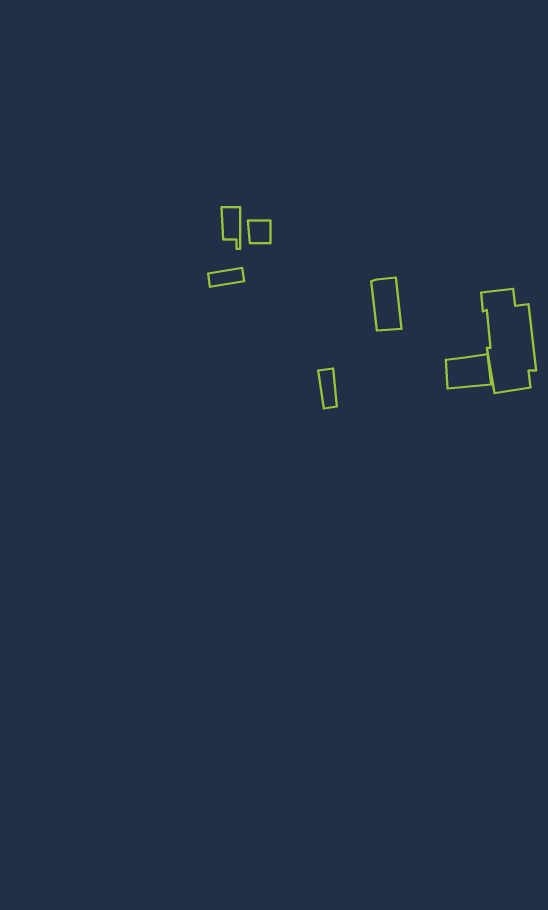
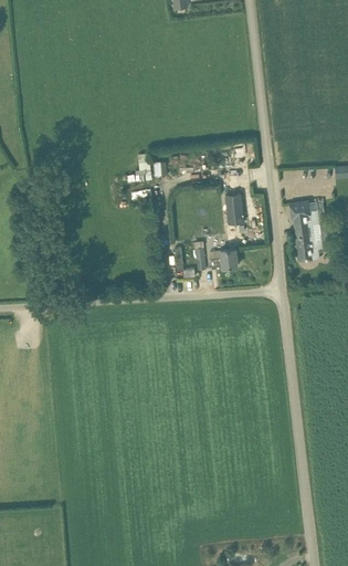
building: [446,354,491,388] -> [210,249,236,269]

